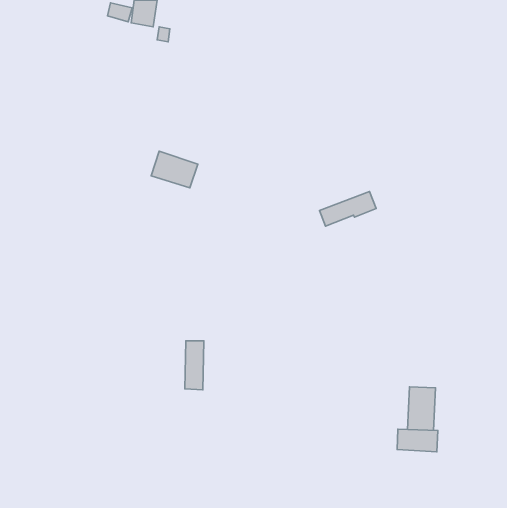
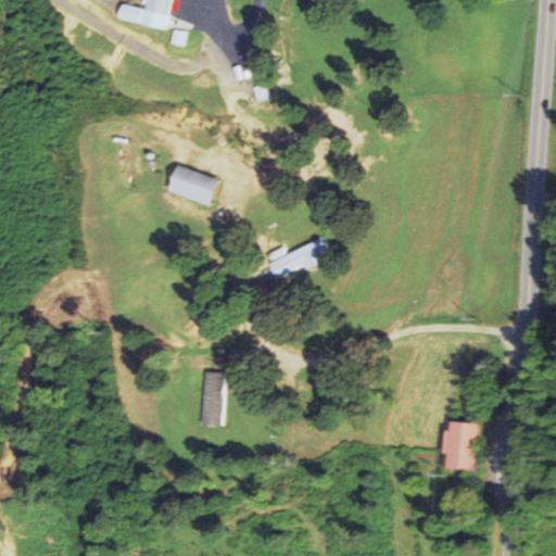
building: [320,191,376,226] -> [268,240,330,278]
building: [397,429,438,452] -> none

